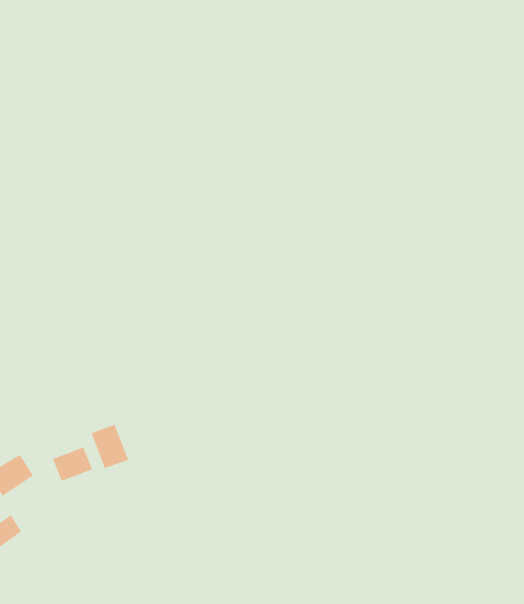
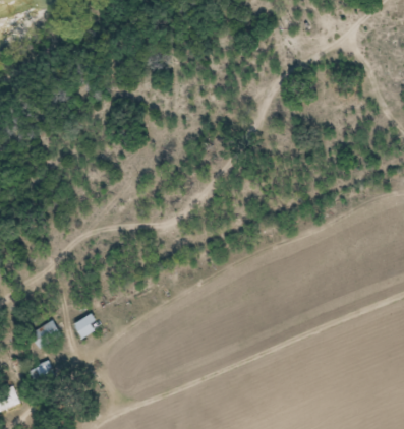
building: [91,424,129,469] -> none

